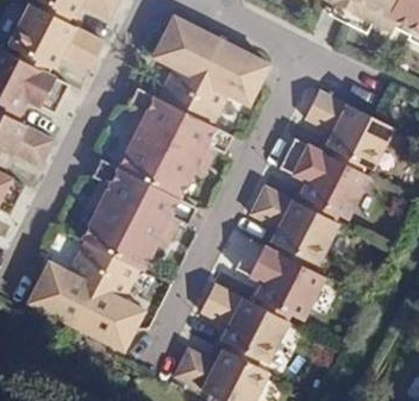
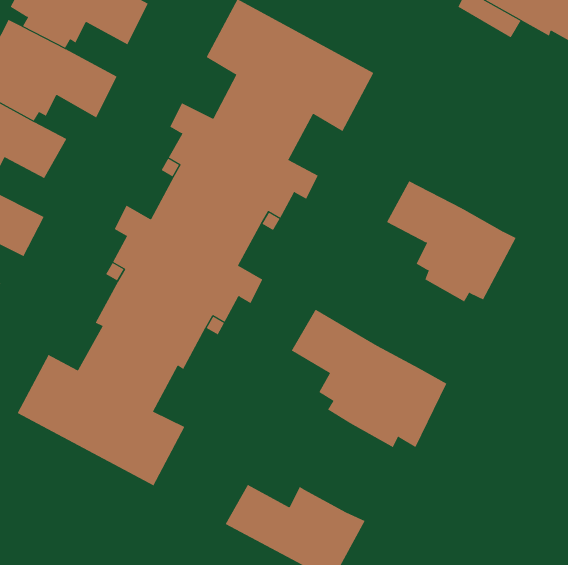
building: [308,86,396,168] -> none
building: [250,178,338,262] -> none
building: [200,278,287,361] -> none

